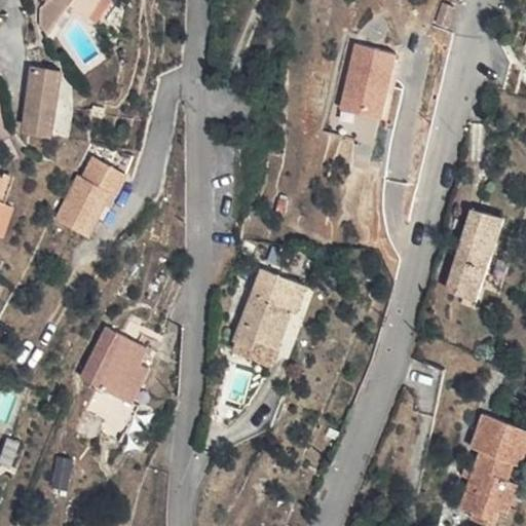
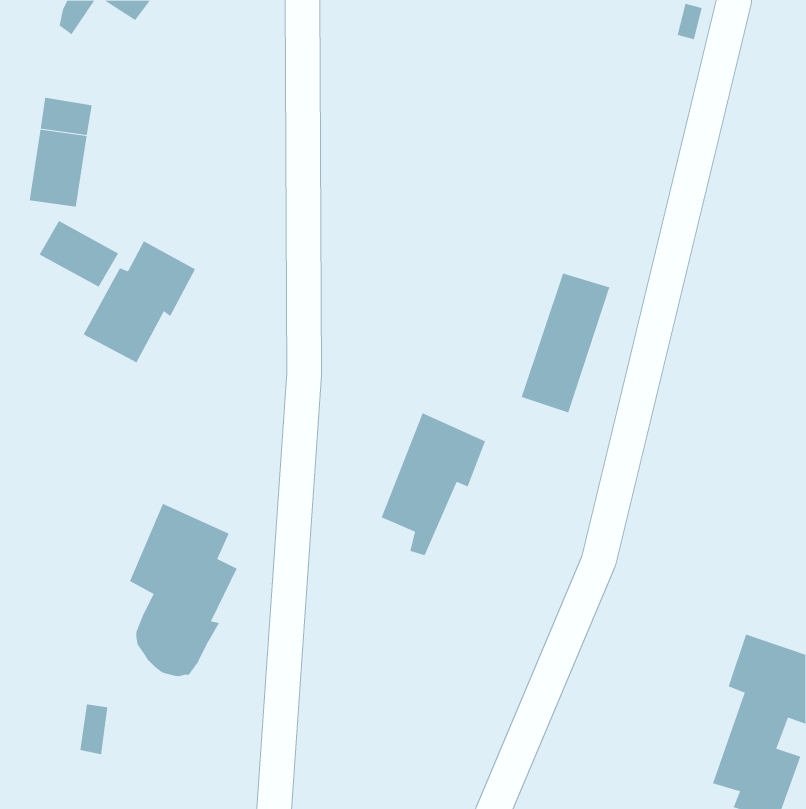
building: [338,45,393,119] -> none
building: none -> [39,220,119,288]
building: [444,210,501,300] -> [521,273,610,413]

